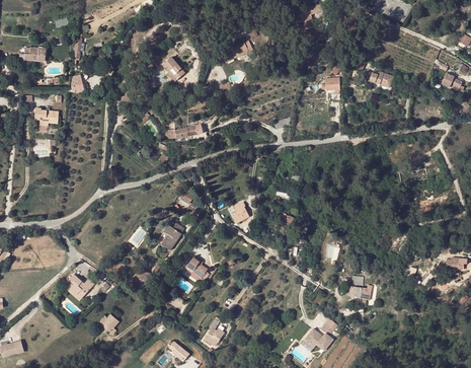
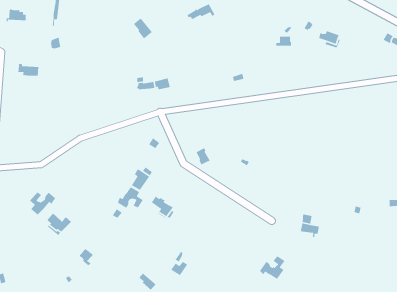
building: none -> [117,186,144,209]
building: none -> [29,192,56,216]

